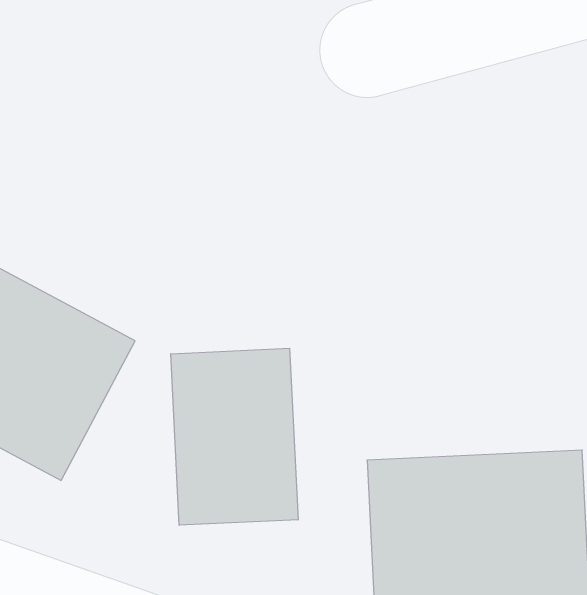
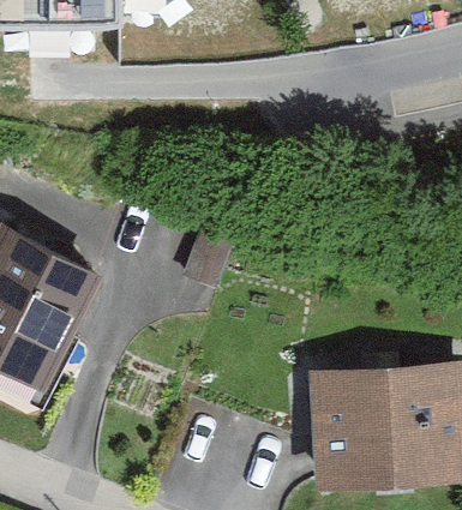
building: [171,348,298,525] -> none

